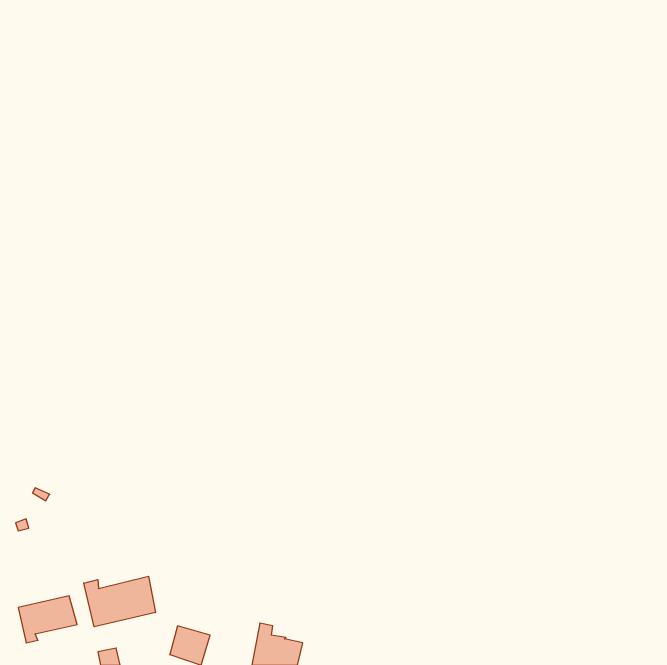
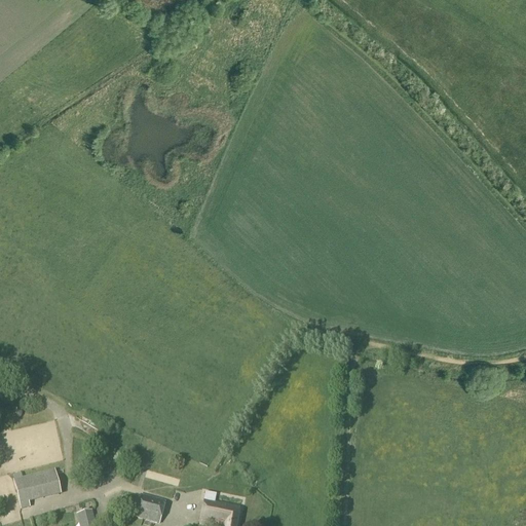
building: [84,576,155,627] -> none

